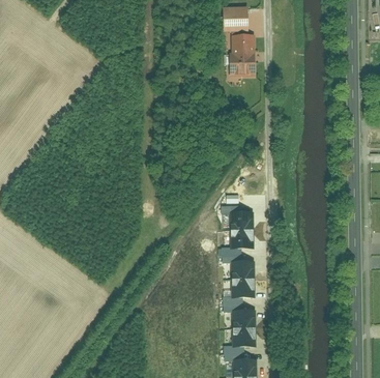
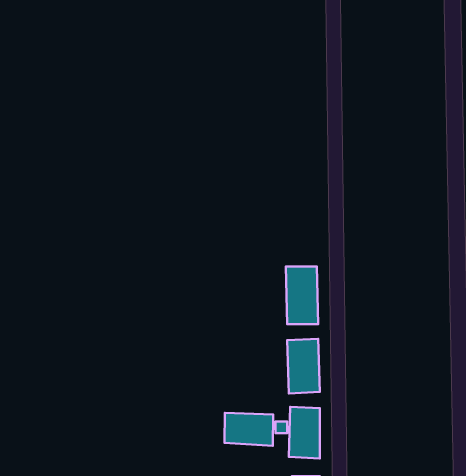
building: [227,32,254,75] -> none
building: none -> [225,413,273,446]

